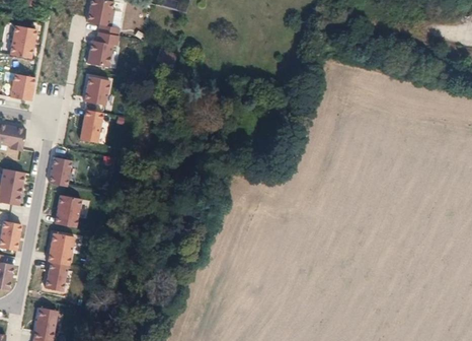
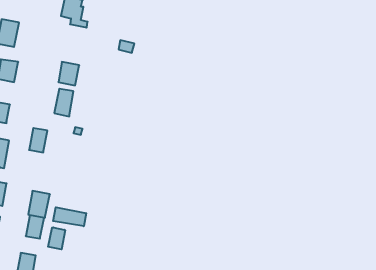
building: [87,30,119,66] -> none
building: [54,194,81,227] -> none
building: none -> [53,207,86,226]
building: none -> [48,227,65,249]

